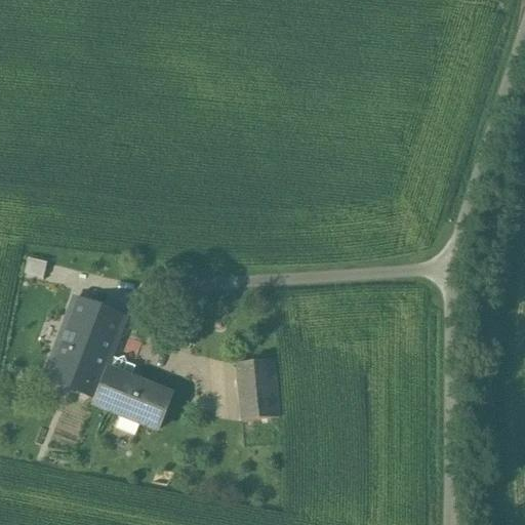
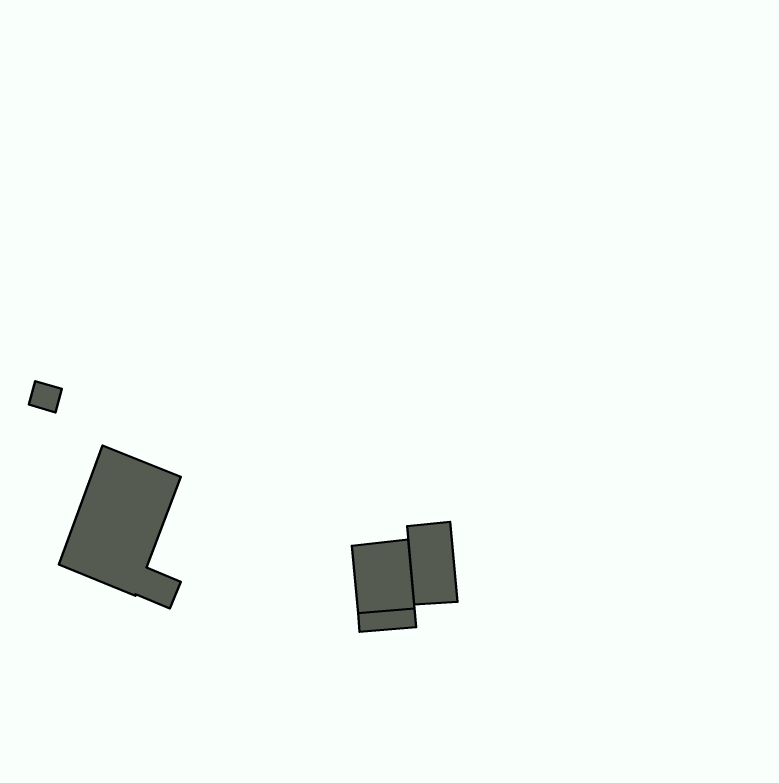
building: none -> [407,522,457,605]
building: [115,375,171,428] -> none

